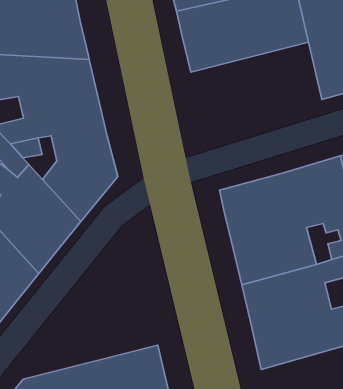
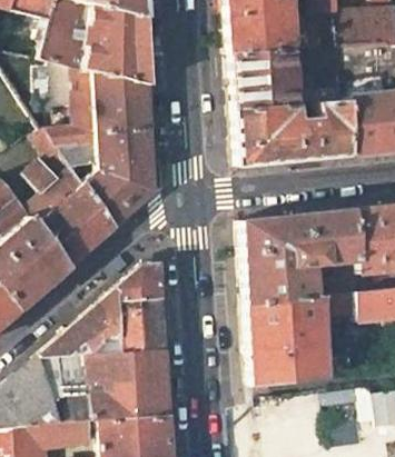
building: none -> [235,100,348,166]
building: none -> [38,266,164,358]

